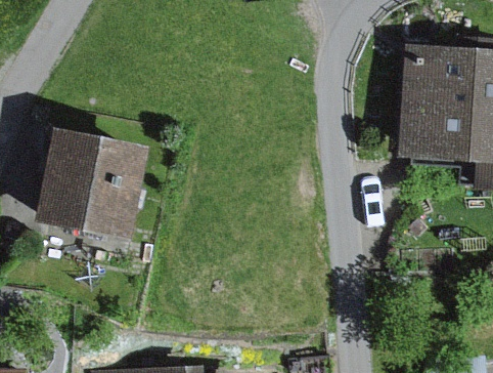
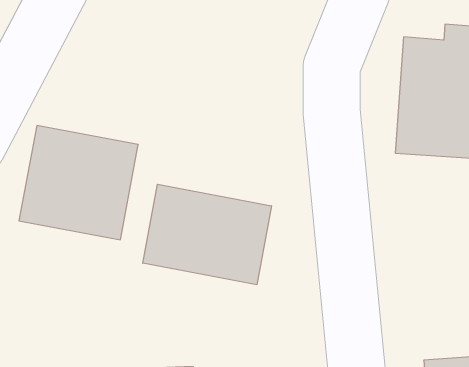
building: none -> [143,184,271,285]

